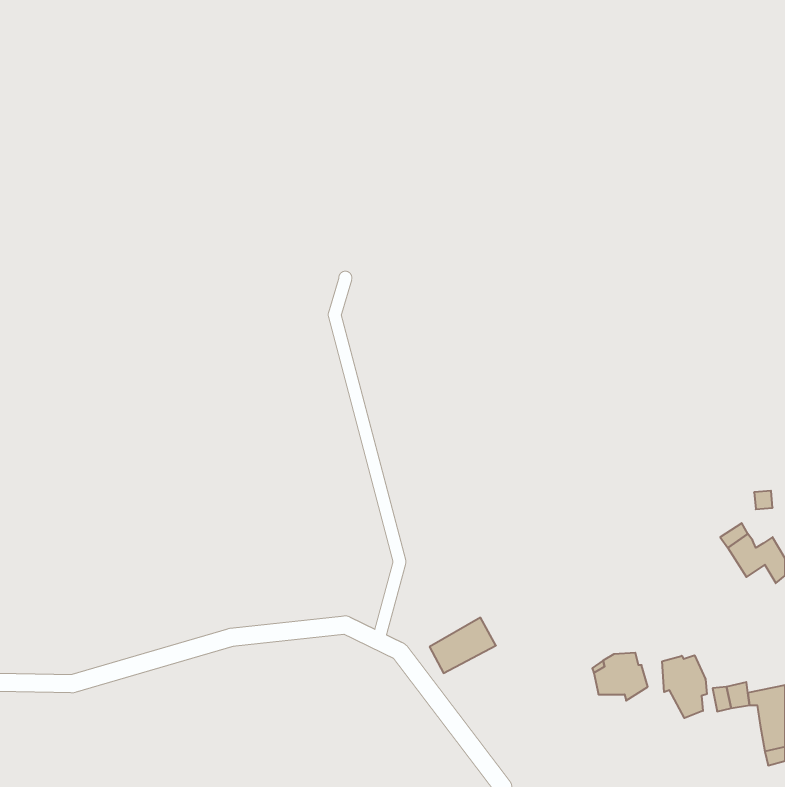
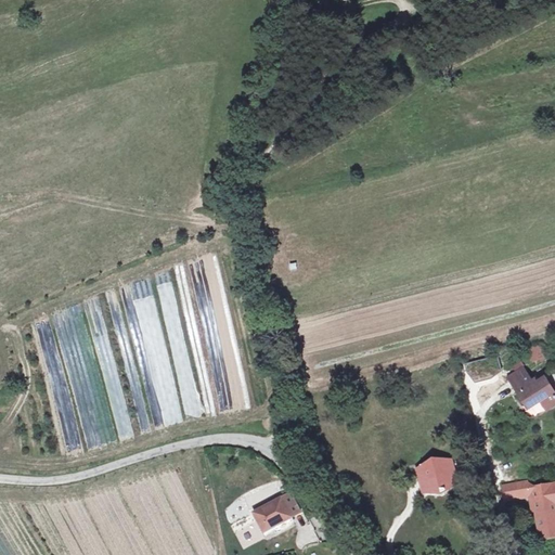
building: [430,618,496,673] -> [253,492,299,531]
building: [662,655,707,718] -> none

